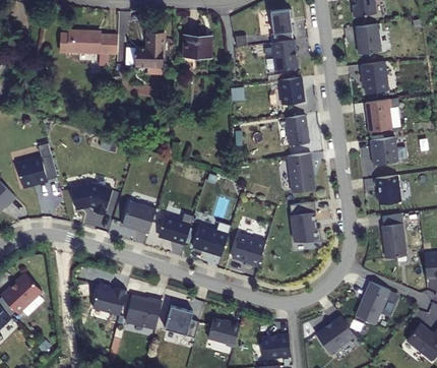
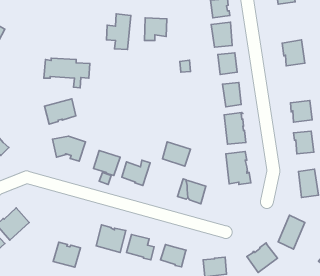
building: [63,23,121,61] -> [44,58,90,88]
building: [355,24,380,55] -> none
building: [366,101,393,133] -> none
building: [16,156,56,187] -> [44,99,76,124]
building: [192,226,228,256] -> [162,142,191,166]
building: [91,284,126,315] -> [53,242,80,267]

